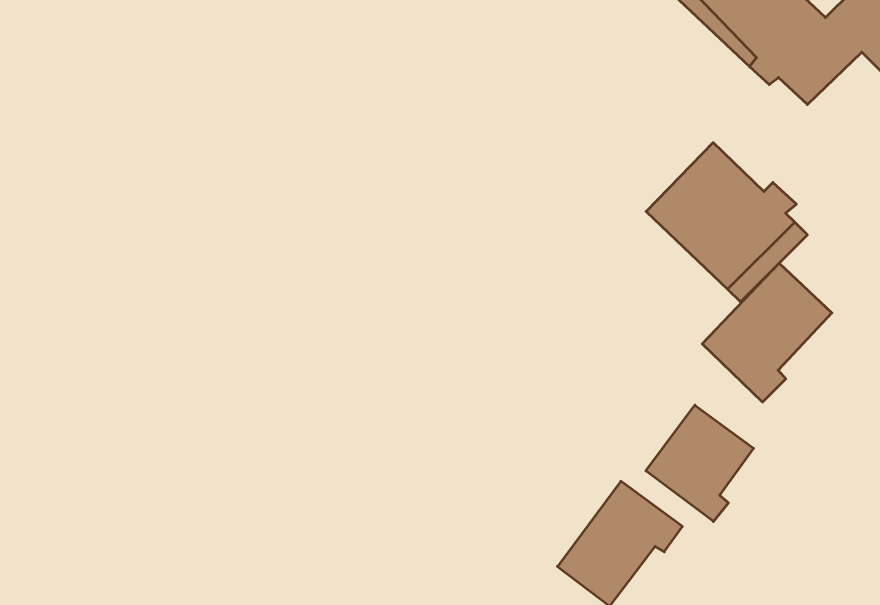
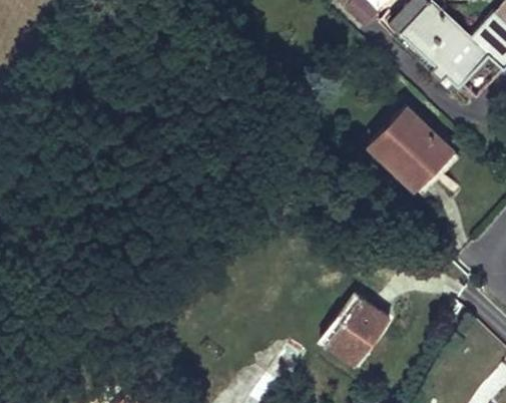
building: [702,263,832,402] -> none
building: [646,405,754,522] -> none

